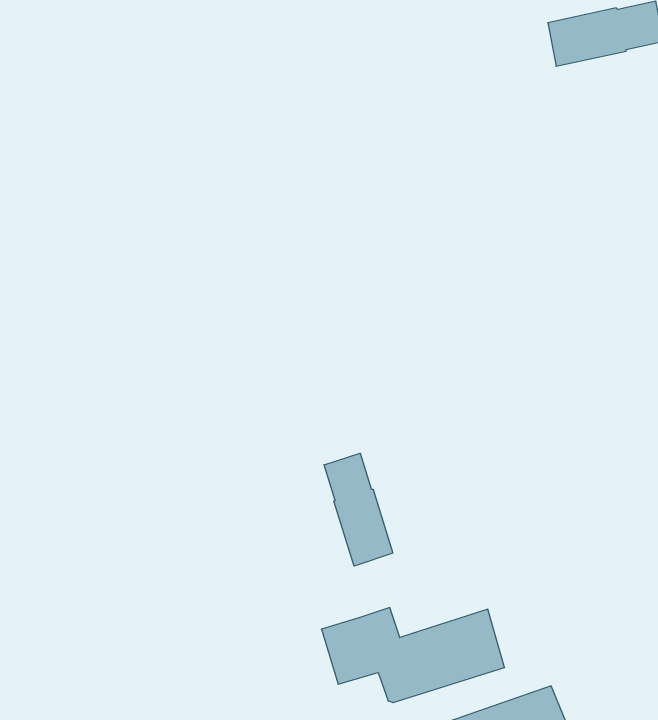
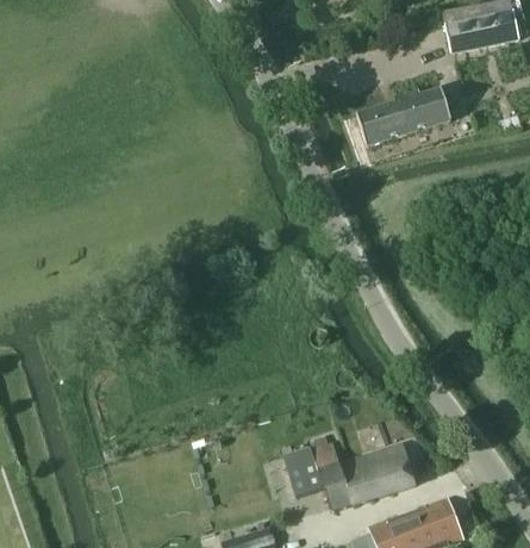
building: none -> [357,88,451,145]
building: [324,453,393,566] -> none

